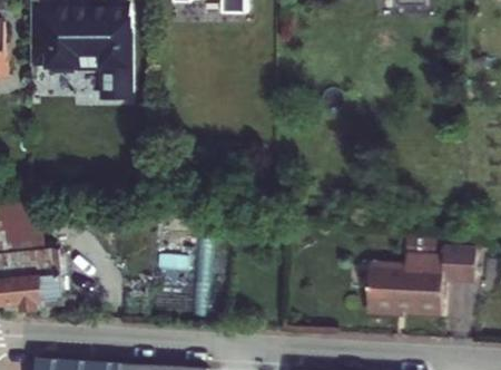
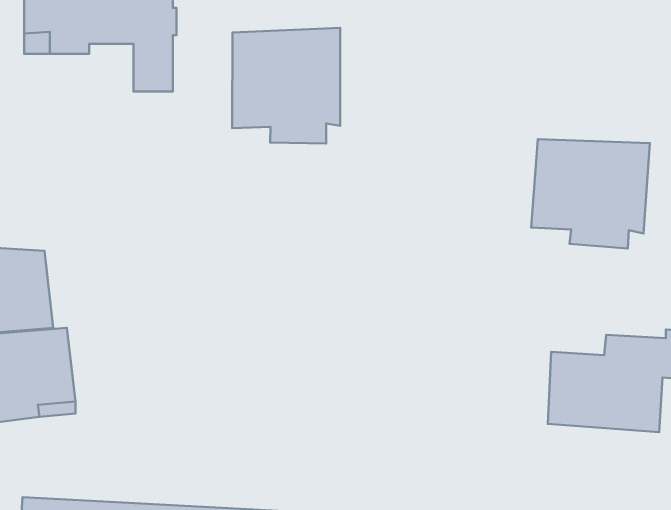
building: none -> [232,28,340,143]
building: none -> [531,139,650,249]

